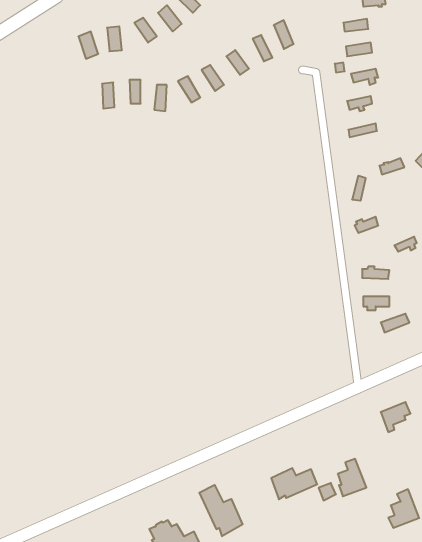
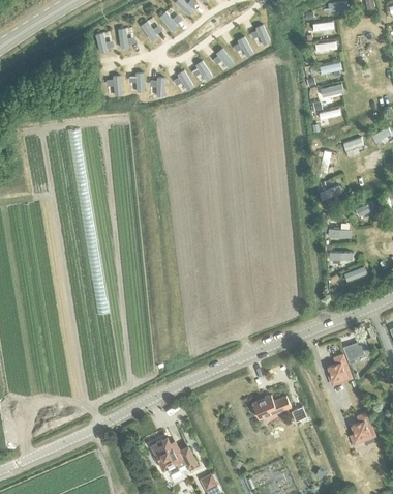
building: [338,459,366,496] -> [328,354,352,385]
building: [199,485,243,536] -> none

